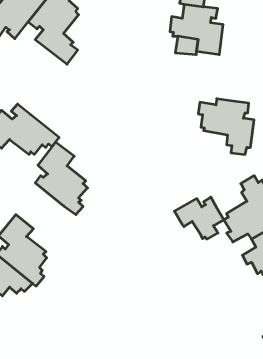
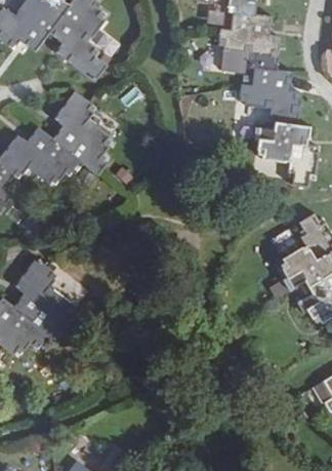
building: none -> [234,68,293,125]
building: [35,142,88,215] -> [52,93,113,178]
building: [174,197,224,239] -> none

